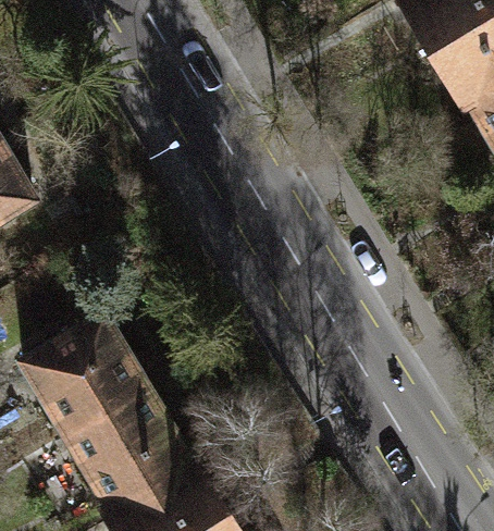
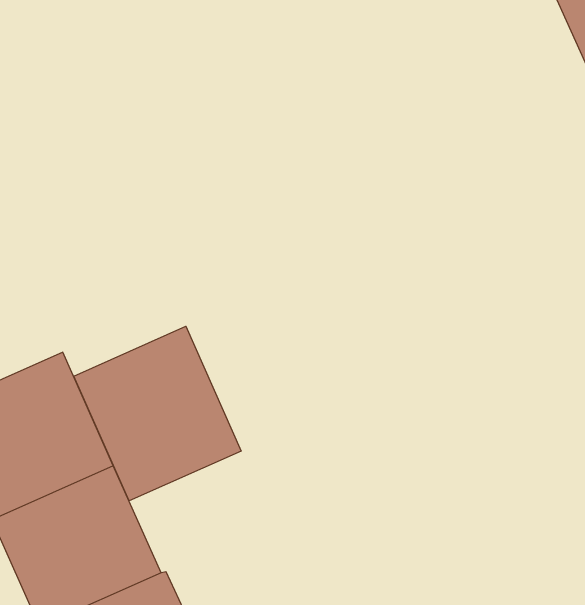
building: none -> [74,326,241,501]

